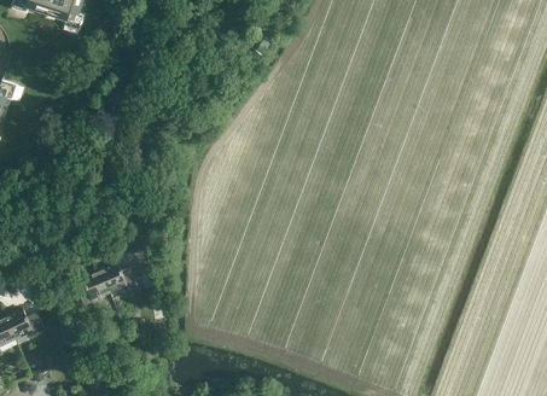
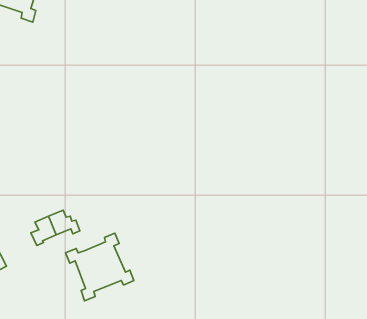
building: none -> [66,233,134,301]

